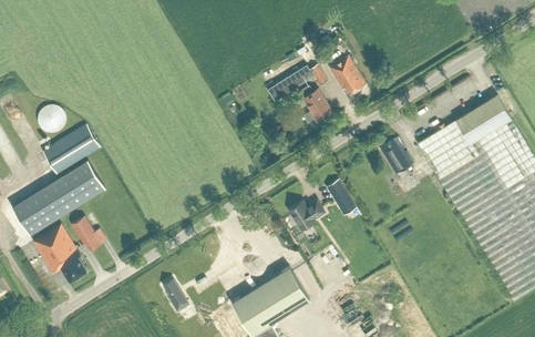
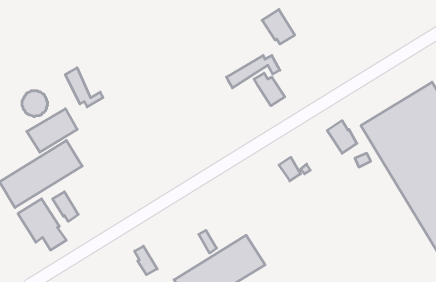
building: [329,54,366,93] -> [262,9,295,44]
building: none -> [65,68,103,107]
building: [288,198,325,228] -> none

